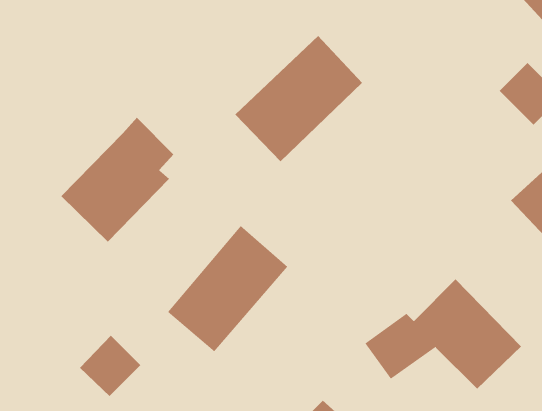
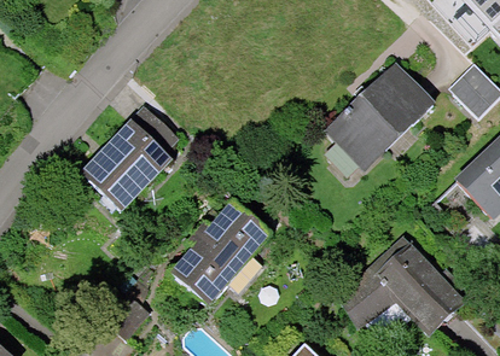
building: [234,35,363,162] -> [327,63,435,169]

